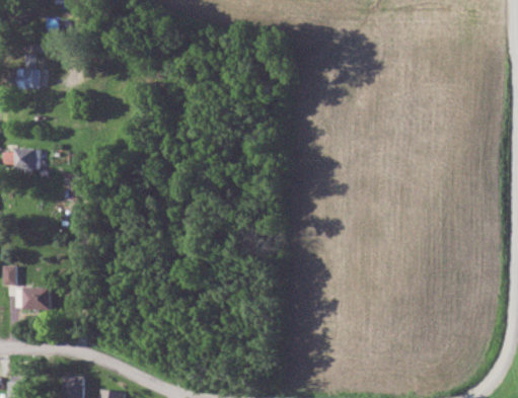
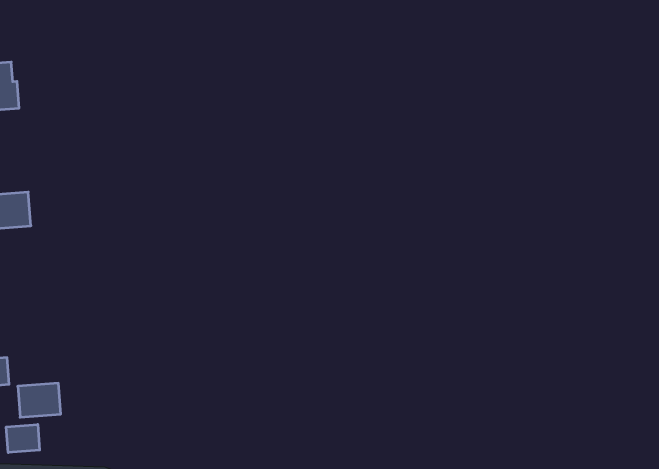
building: none -> [6,424,40,453]

